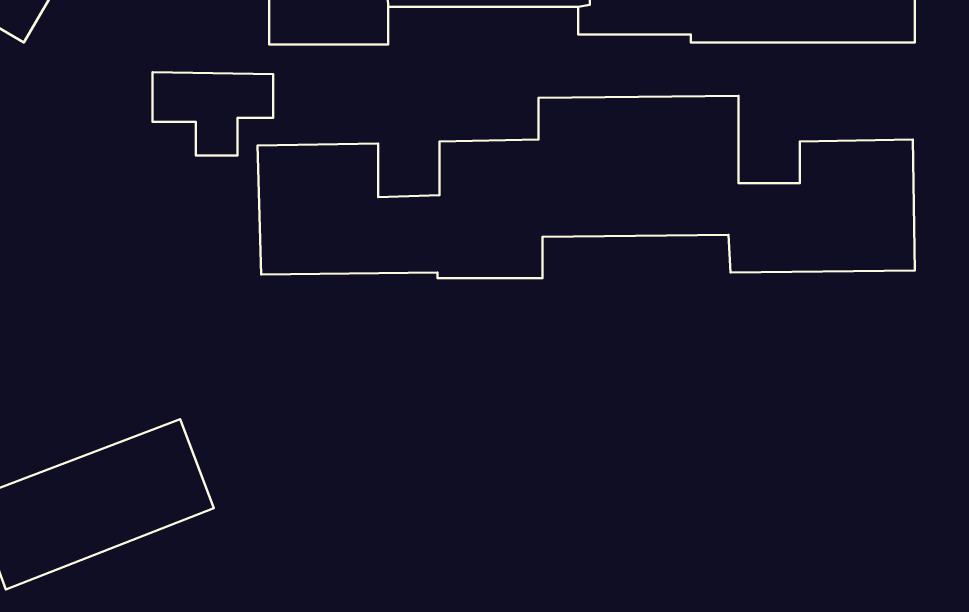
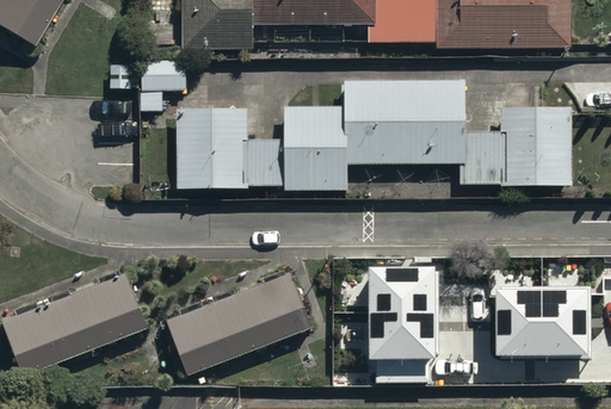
building: none -> [167,265,333,372]
building: none -> [366,268,437,384]
building: none -> [495,290,588,359]

